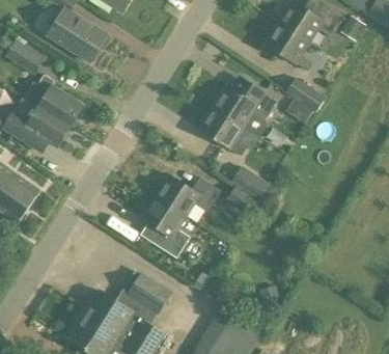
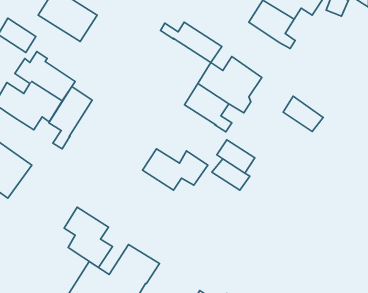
building: none -> [160,22,222,63]
building: [285,76,327,112] -> [283,96,323,131]
building: none -> [49,87,92,149]
building: [141,196,191,258] -> [64,207,112,267]

